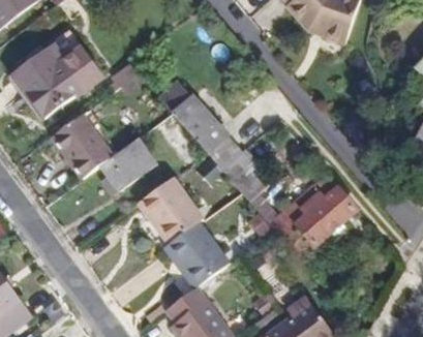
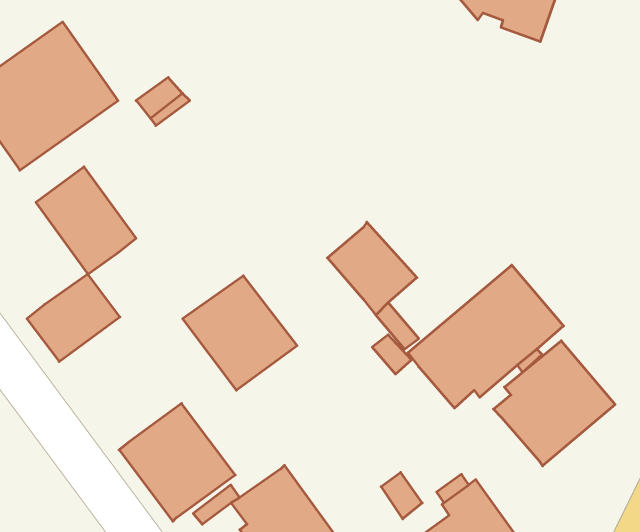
building: [158,78,242,167] -> none
building: [100,139,154,189] -> [27,274,120,362]
building: none -> [493,341,615,466]
building: [163,221,231,289] -> [119,403,235,521]

